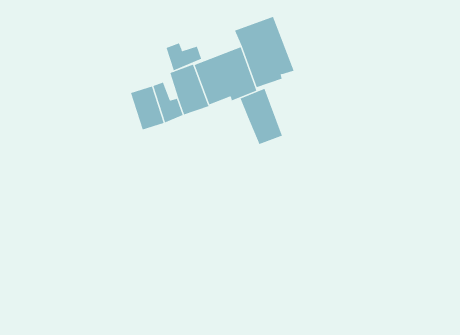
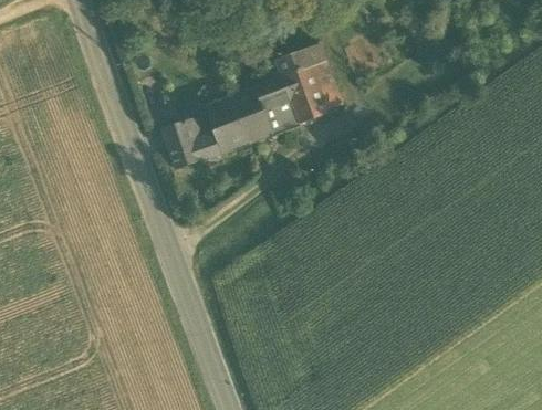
building: [166,42,202,71] -> none
building: [240,88,283,145] -> none

